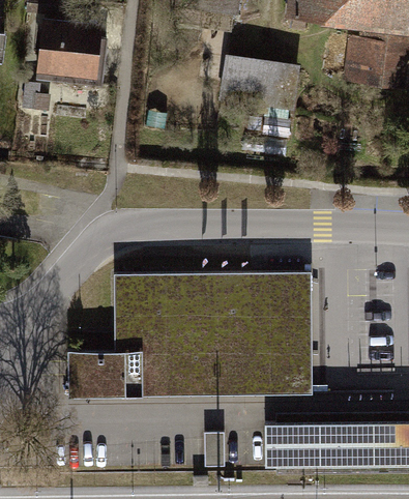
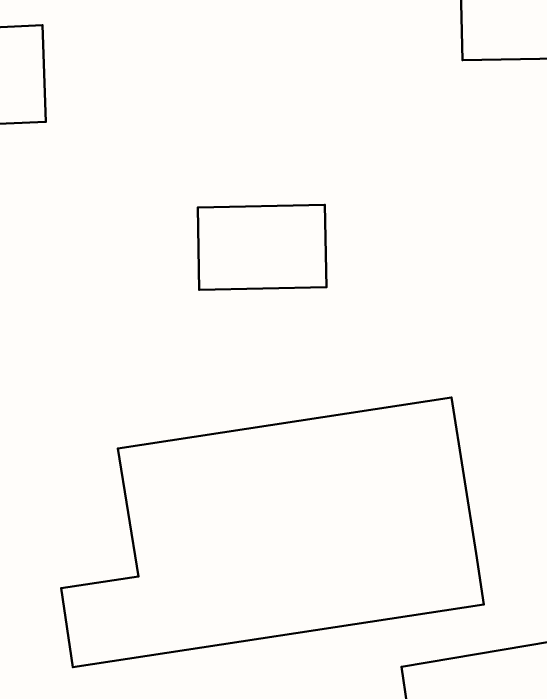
building: [218,55,298,112] -> [198,205,326,290]

